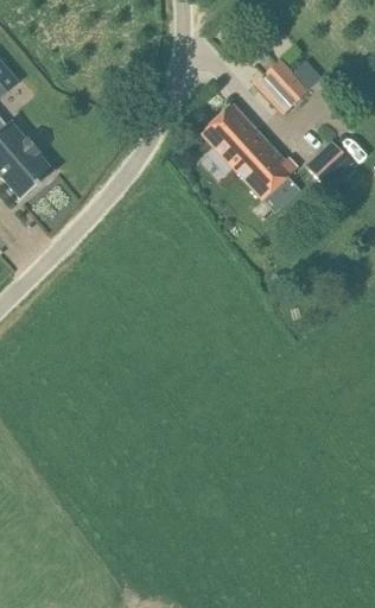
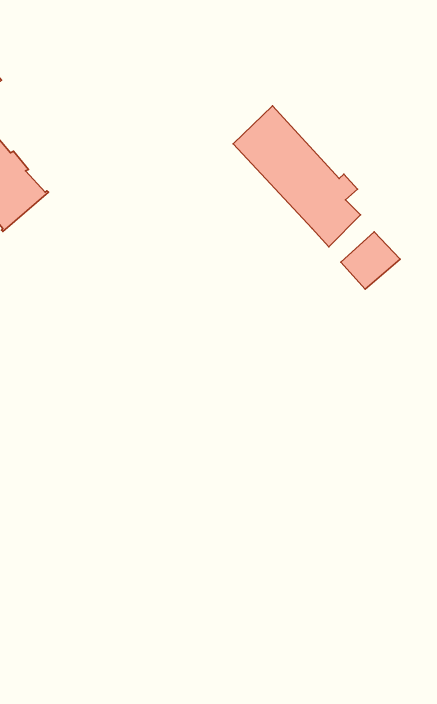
building: [253,57,322,113] -> none
building: [305,140,351,185] -> [341,232,400,289]

